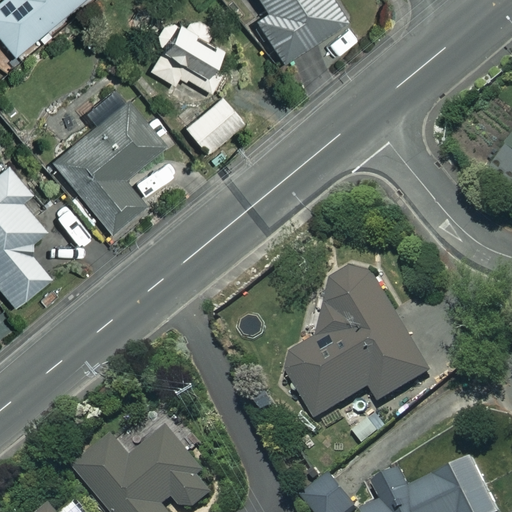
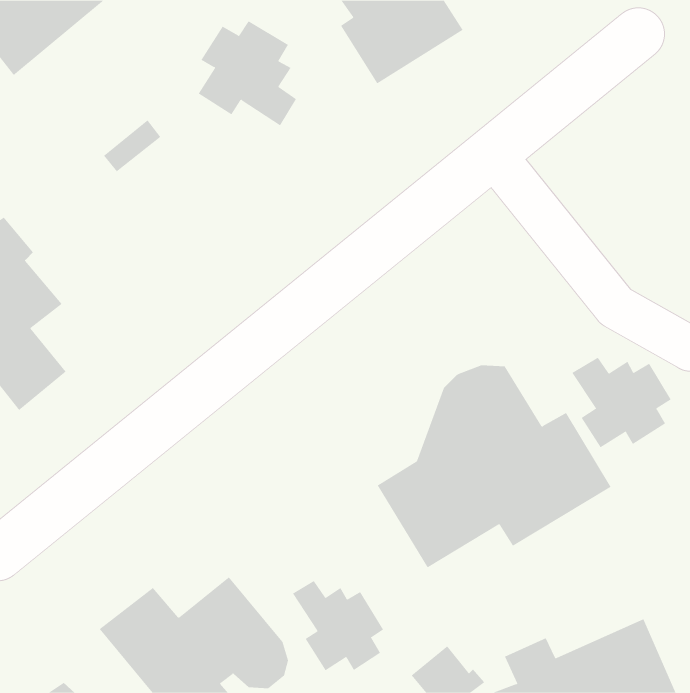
building: [180,95,241,154] -> none
building: [49,100,161,234] -> none
building: none -> [572,357,671,448]
building: none -> [292,580,384,671]

